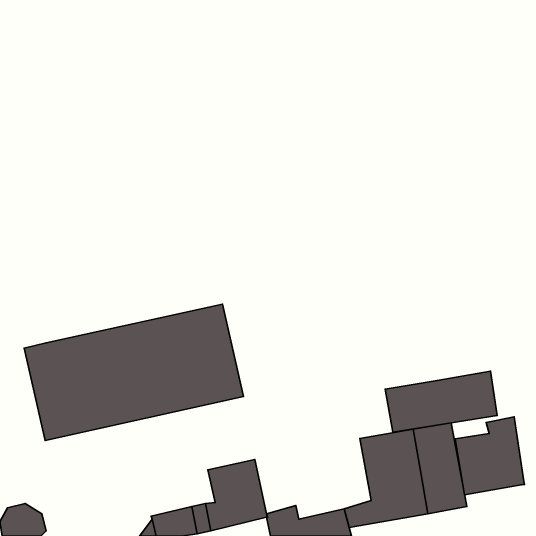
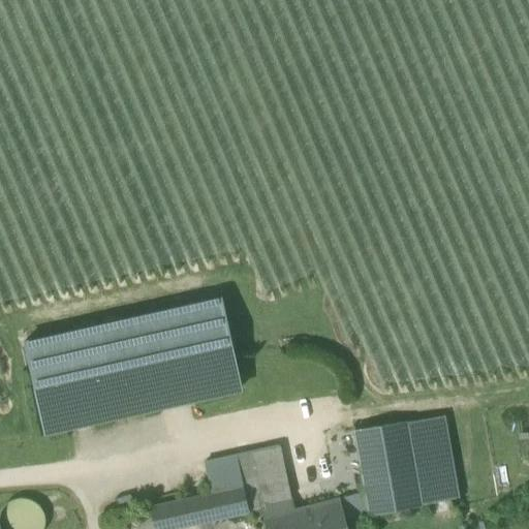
building: [385,371,497,432] -> none
building: [455,417,525,495] -> none
building: none -> [251,447,291,506]

